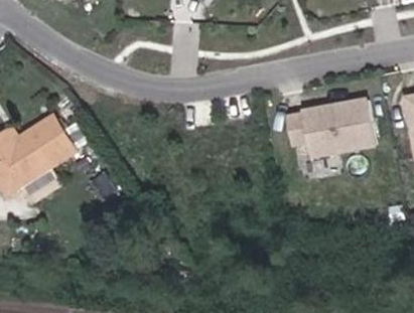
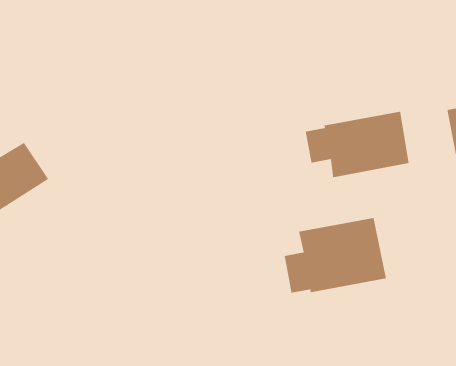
building: none -> [284,217,387,293]

